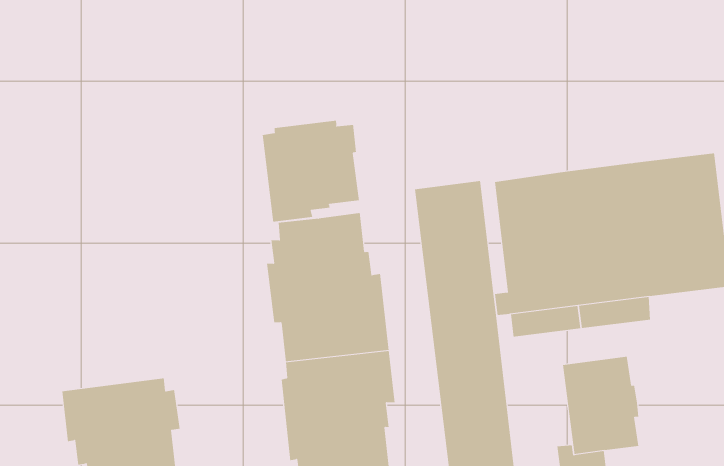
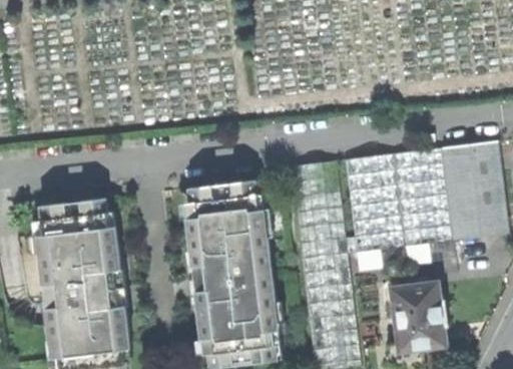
building: [262,120,359,222] -> none
building: none -> [39,200,120,305]

